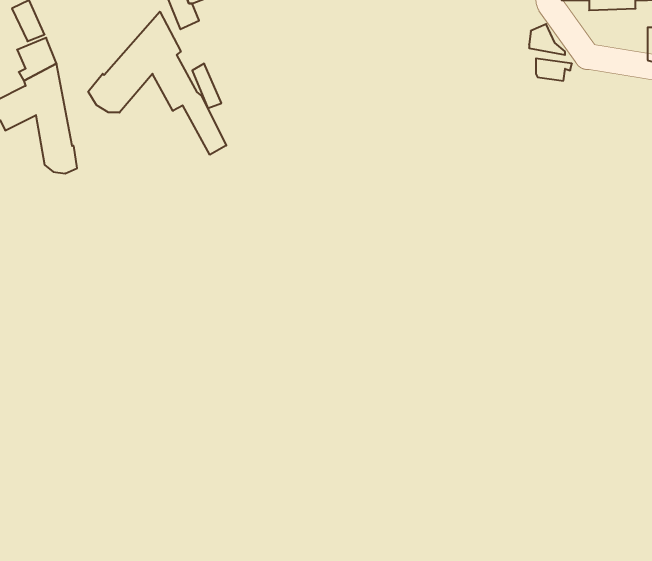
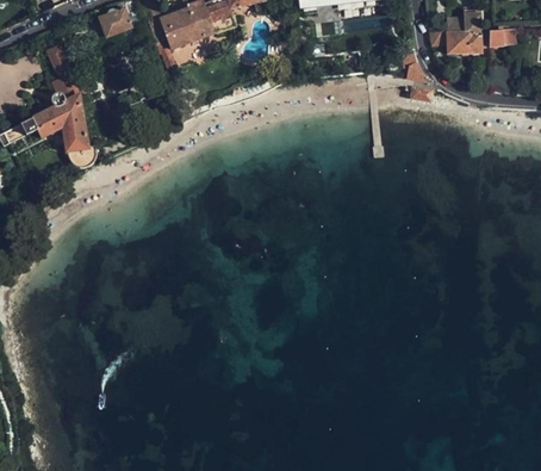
building: [88,12,226,155] -> none

